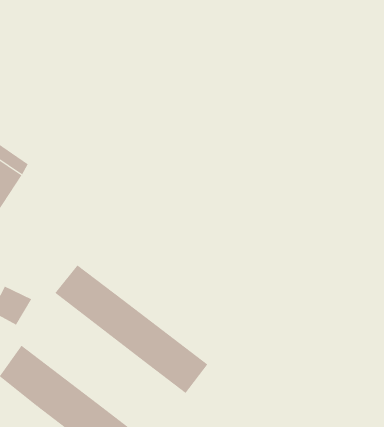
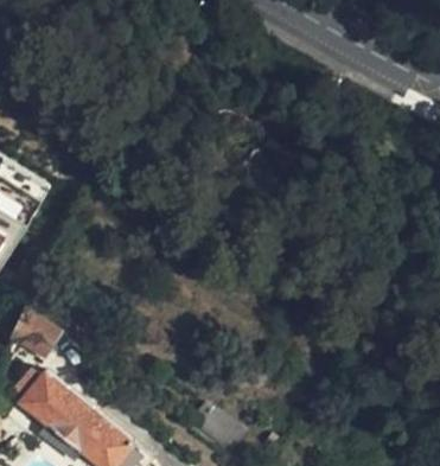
building: [54,265,208,394] -> none

